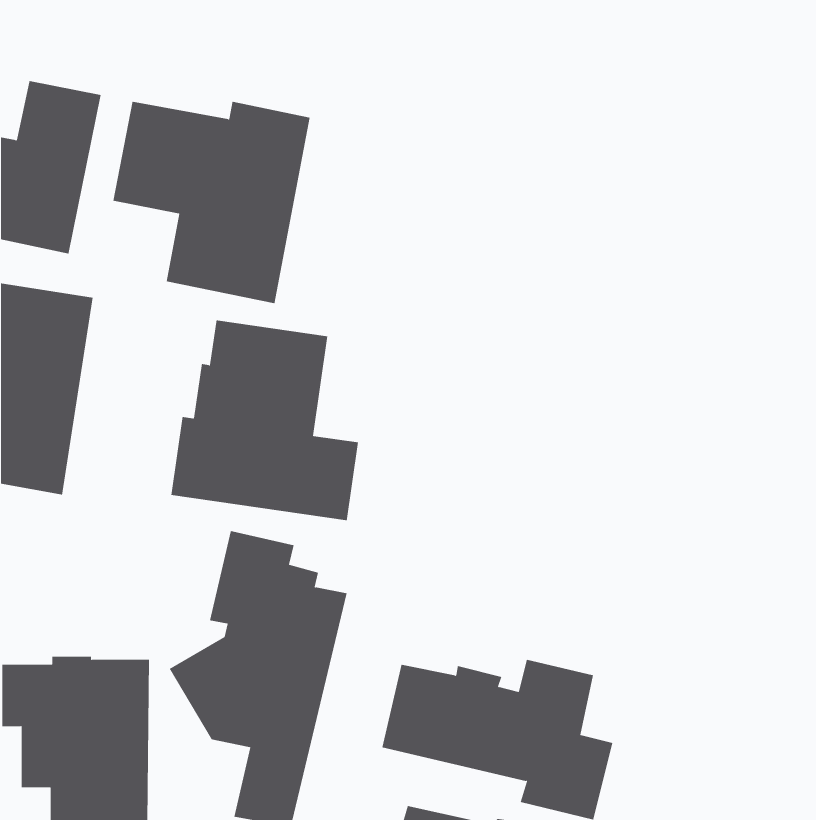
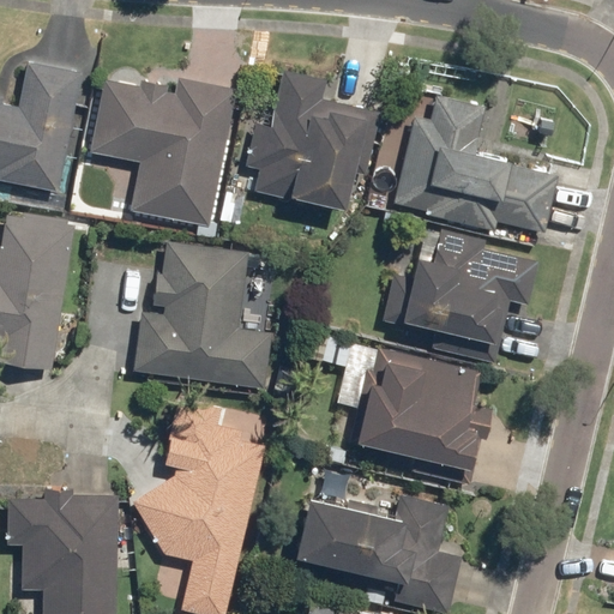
building: none -> [237,68,386,216]
building: none -> [391,94,559,233]
building: none -> [381,227,538,363]
building: none -> [348,344,492,486]

